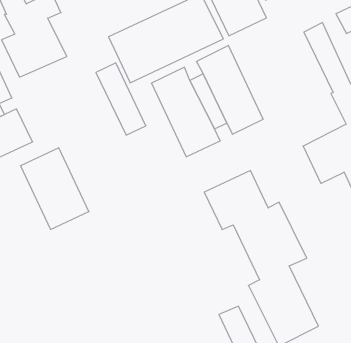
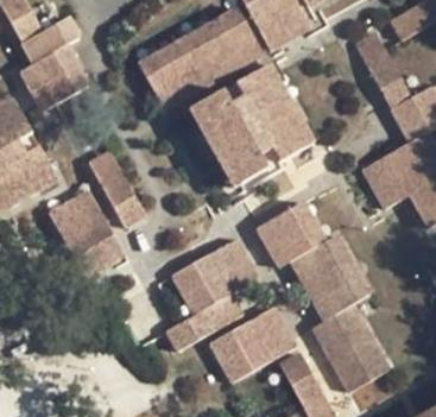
building: [96,63,146,135] -> [88,149,147,228]
building: none -> [164,238,261,353]
building: none -> [208,305,299,384]

